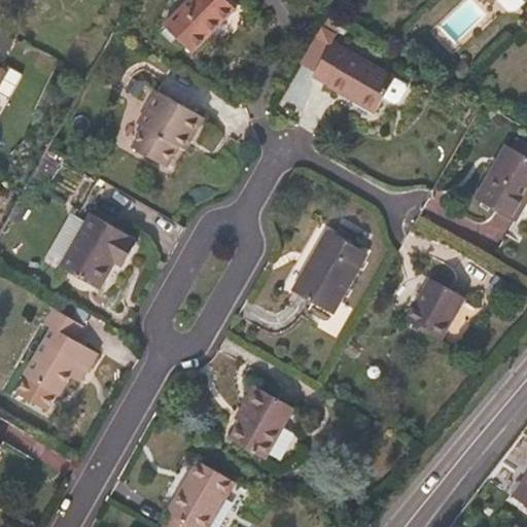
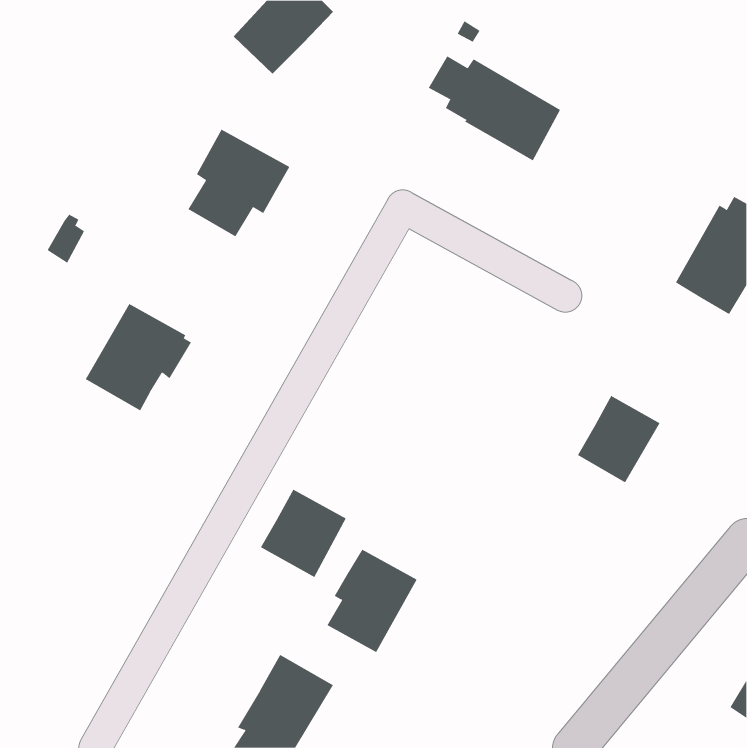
building: [291,230,367,314] -> none
building: [24,296,98,400] -> none
building: none -> [260,489,346,578]

